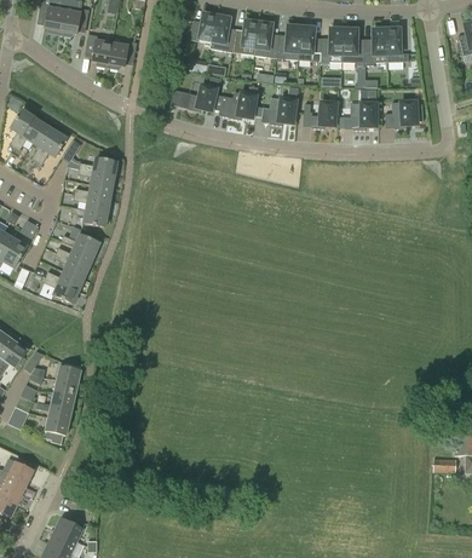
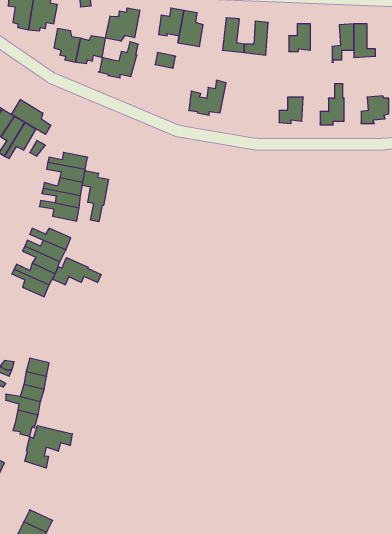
building: none -> [106,8,140,41]
building: [231,19,258,54] -> none
building: [298,27,321,61] -> none
building: [343,28,364,67] -> none
building: [178,75,218,111] -> [98,42,138,78]
building: [269,86,298,125] -> none
building: none -> [11,99,51,134]
building: none -> [82,170,108,222]
building: none -> [53,258,101,285]
building: none -> [25,426,72,468]

